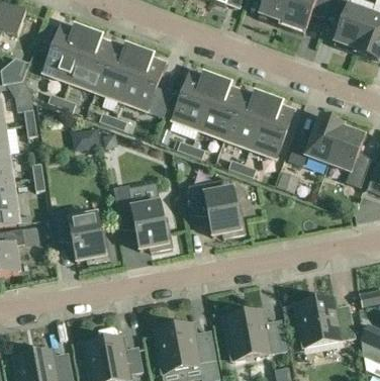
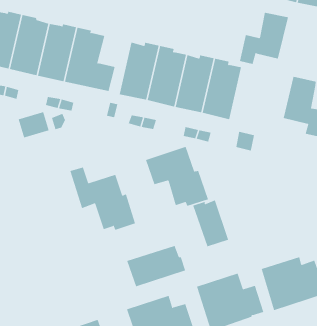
building: [289,116,343,166] -> [239,12,289,65]
building: [54,209,109,264] -> none
building: none -> [193,200,229,247]
building: none -> [127,245,186,287]

